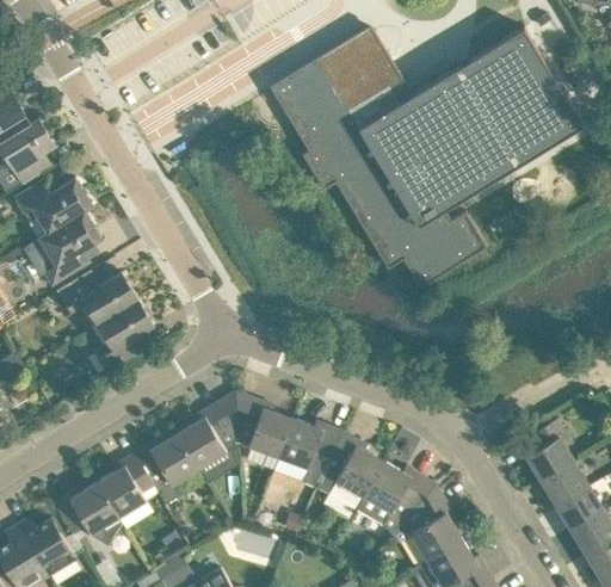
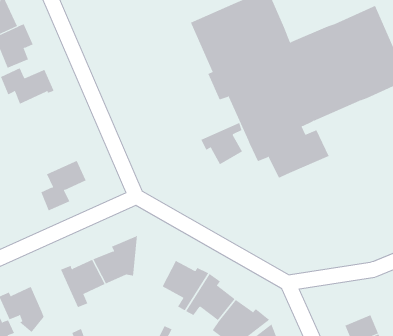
building: [36,210,100,288] -> none
building: none -> [201,122,243,165]
building: [57,273,137,325] -> none
building: [235,393,292,459] -> none
building: [525,420,574,480] -> none
building: [97,455,153,517] -> none

